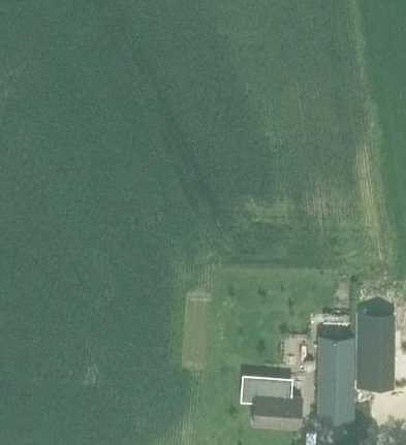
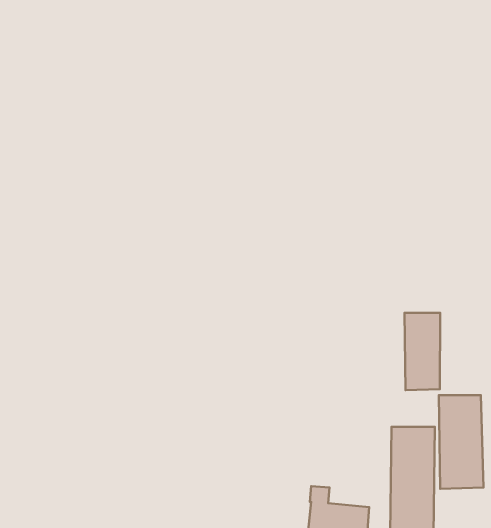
building: none -> [404,313,440,390]

